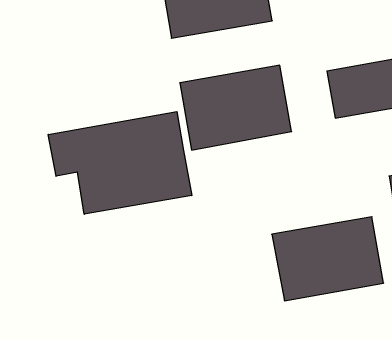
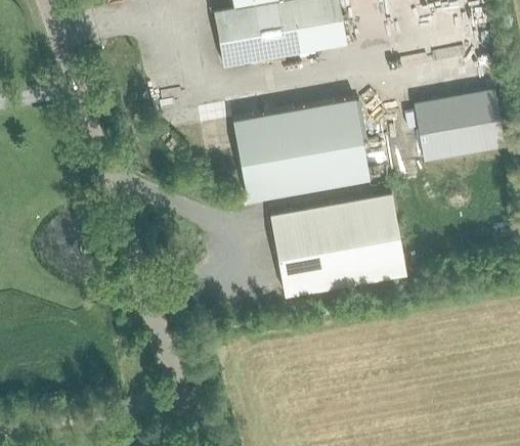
building: [48,112,192,214] -> none
building: [272,217,384,301] -> [270,194,406,297]

